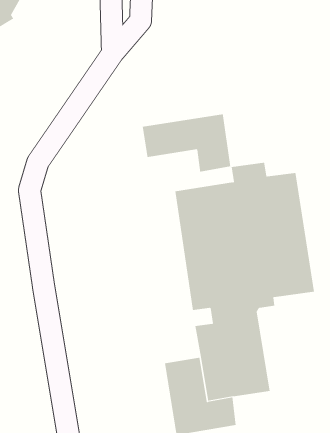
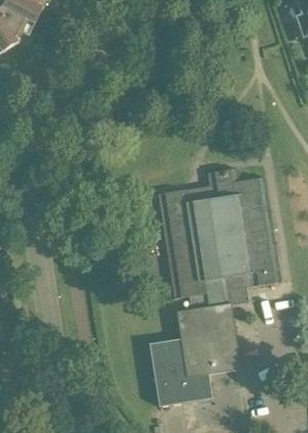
building: [142,113,231,173] -> none

